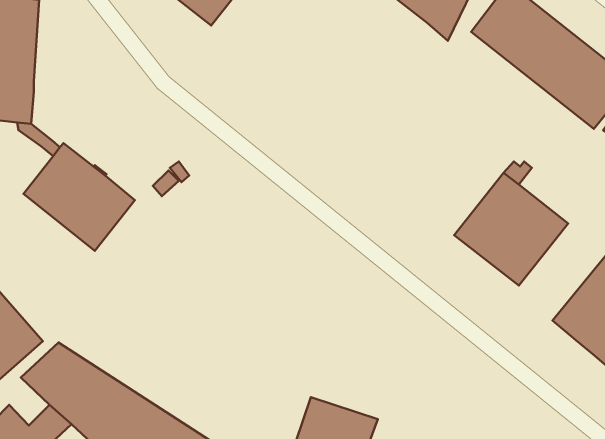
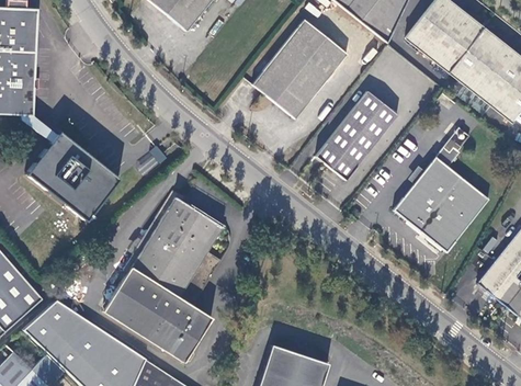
building: none -> [252,20,346,117]
building: none -> [317,90,398,180]
building: none -> [103,189,220,361]

